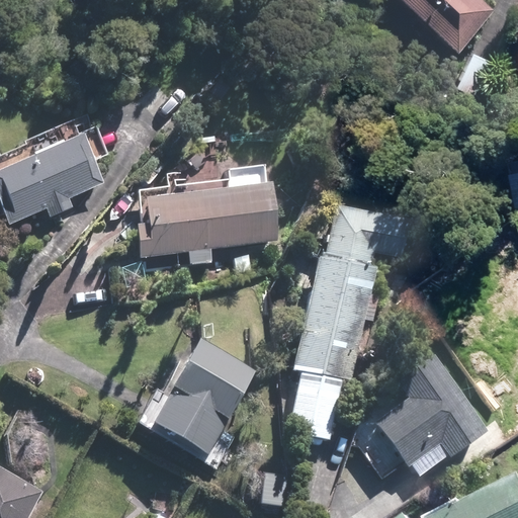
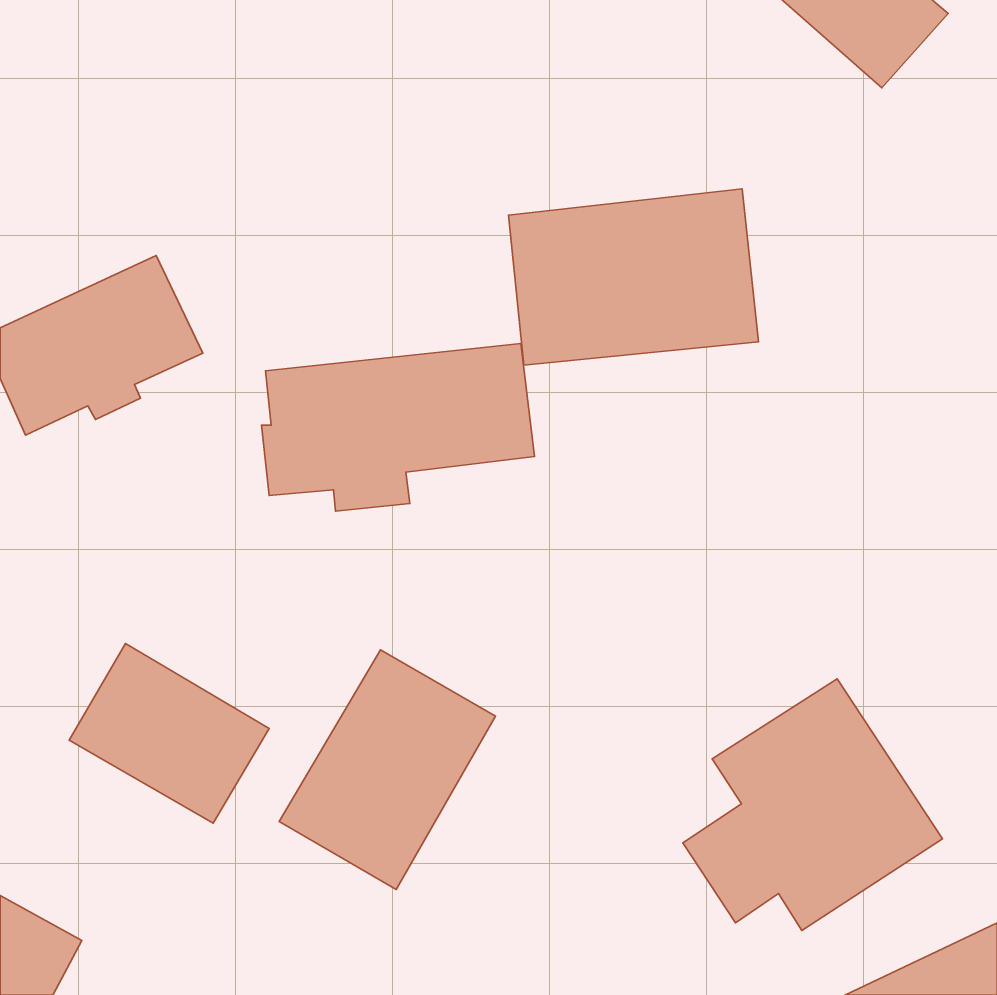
building: none -> [509,189,759,365]
building: [286,200,387,442] -> none
building: none -> [69,643,269,823]

